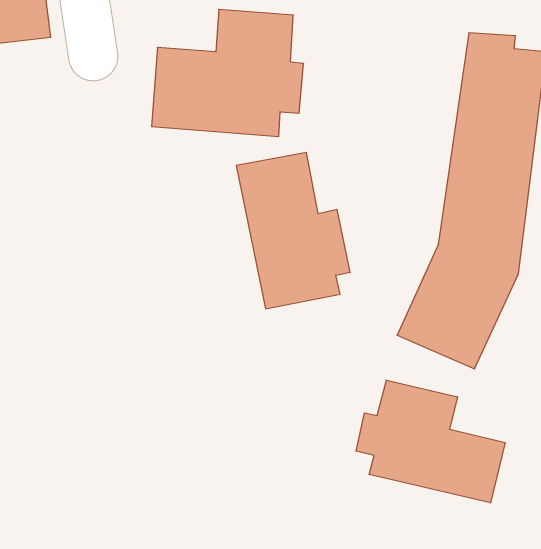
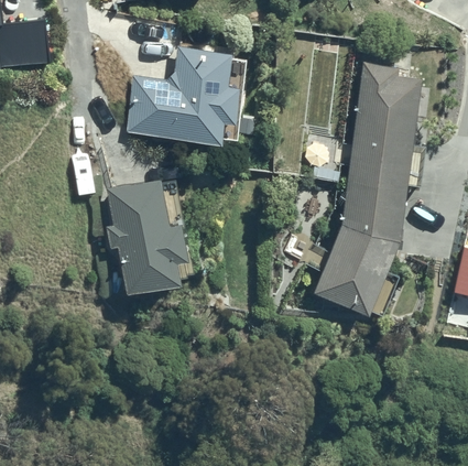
building: [236,152,350,309] -> [106,176,192,294]
building: [356,380,505,503] -> none

